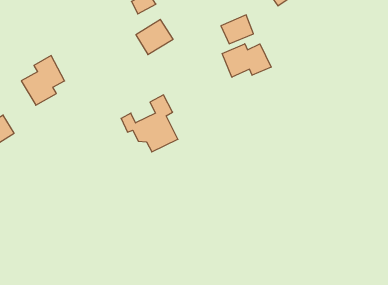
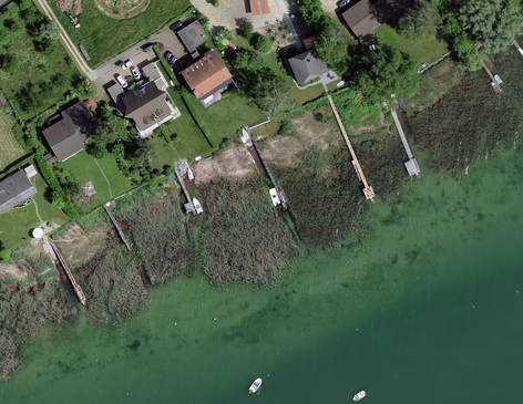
building: [222,44,271,77] -> none
building: [121,95,178,152] -> [104,60,174,130]

